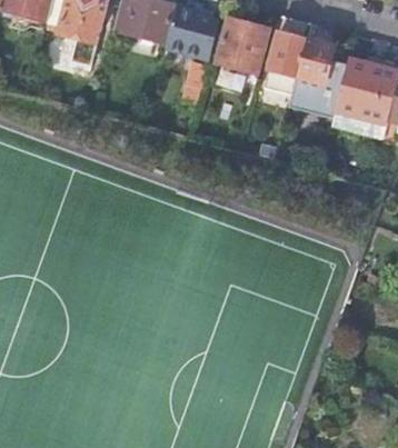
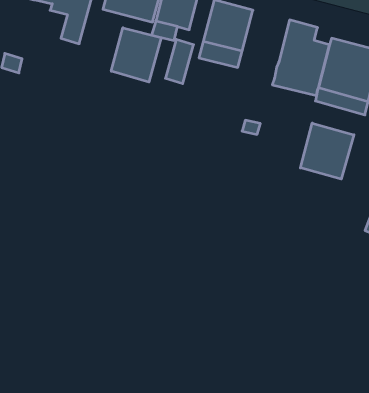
building: [266,31,308,90] -> none
building: none -> [111,28,161,82]
building: none -> [300,123,354,179]

